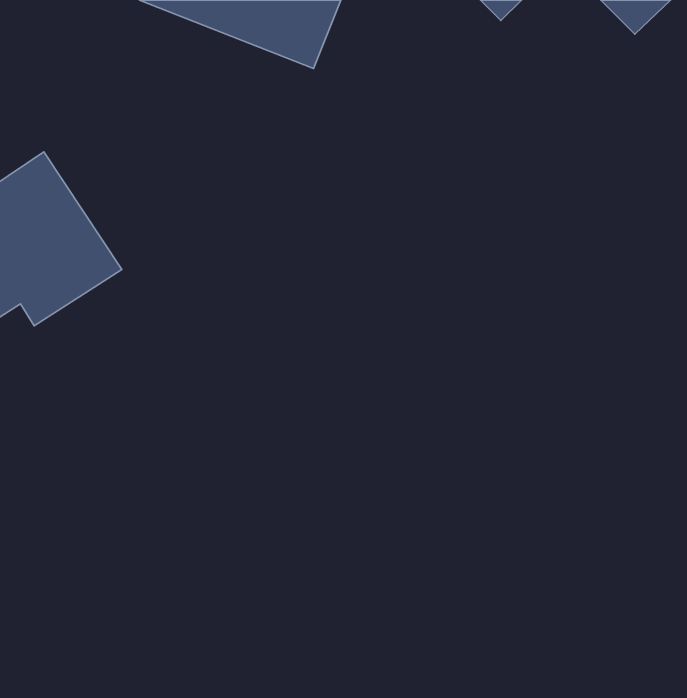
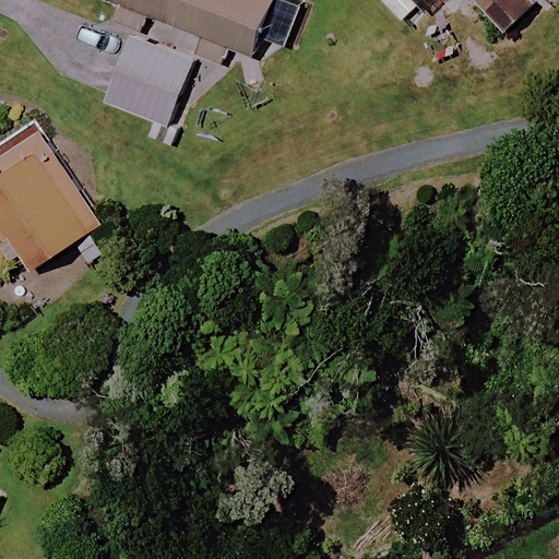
building: none -> [104,33,191,122]

